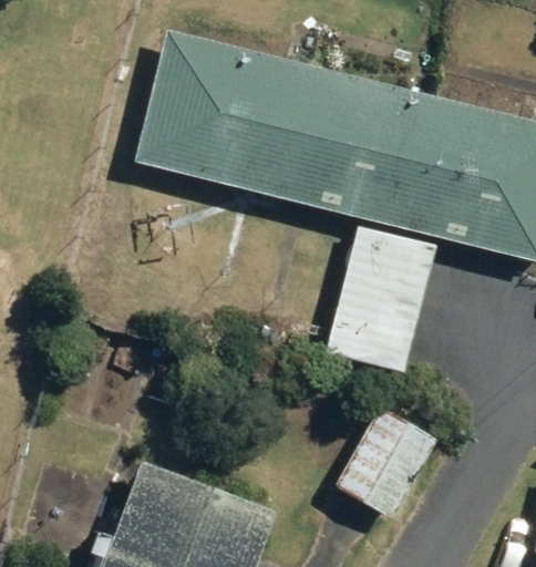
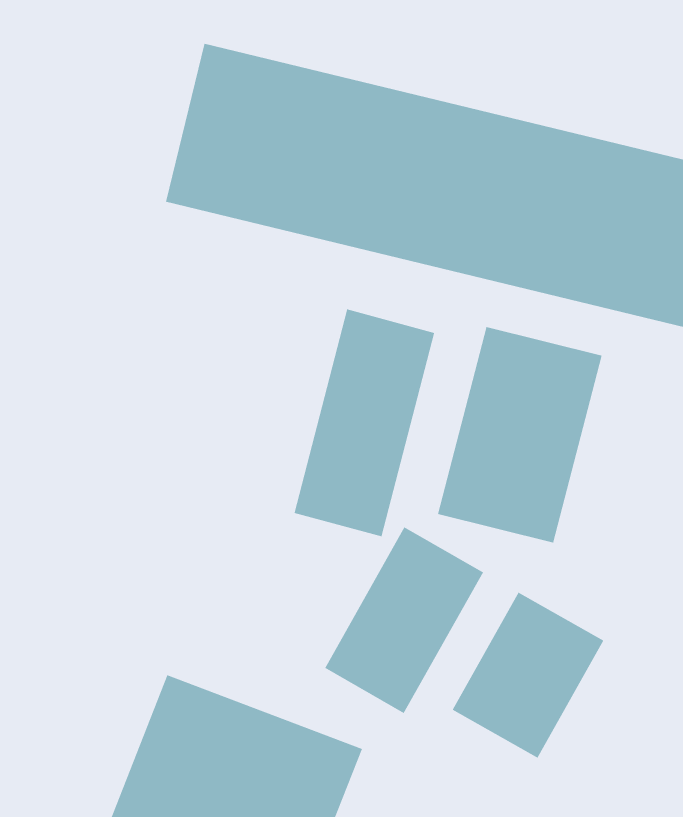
building: none -> [294,309,435,537]
building: none -> [324,527,484,714]

